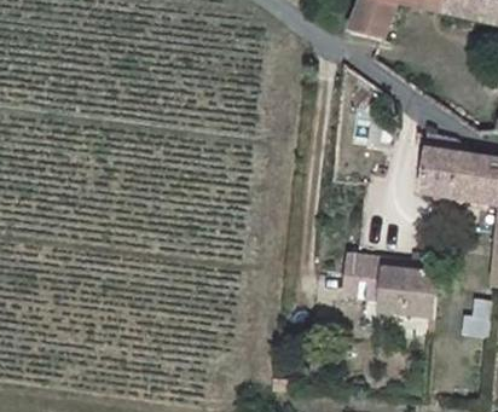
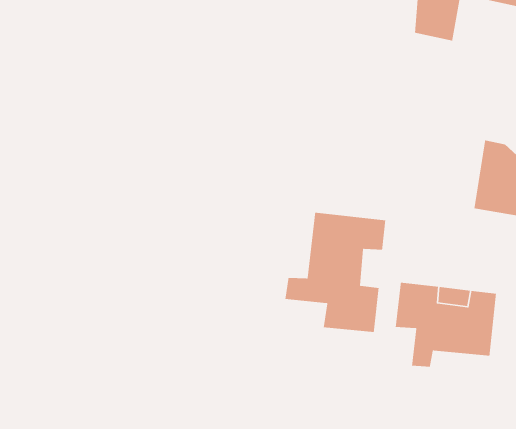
building: none -> [285,212,386,333]

